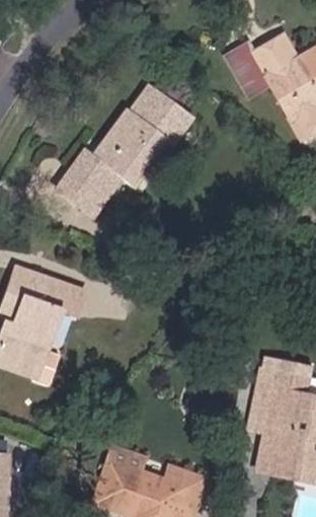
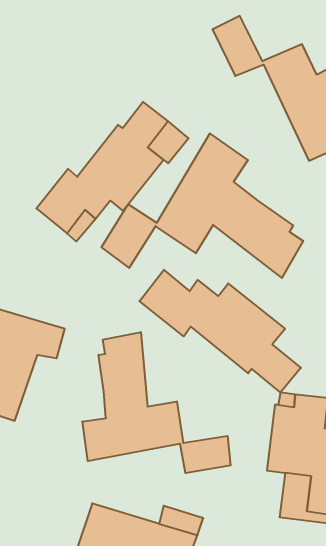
building: none -> [102,133,303,278]
building: none -> [139,270,301,392]
building: none -> [82,332,230,473]

